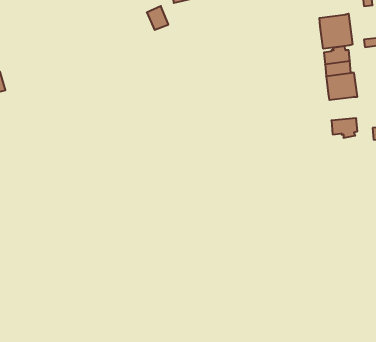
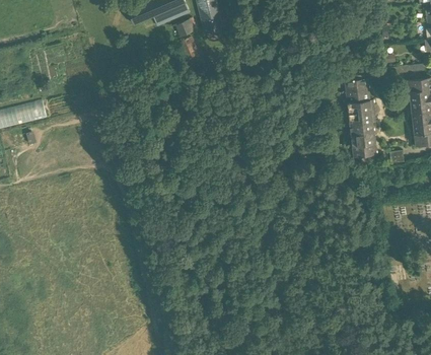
building: [319,14,353,49] -> none
building: none -> [349,122,374,144]

